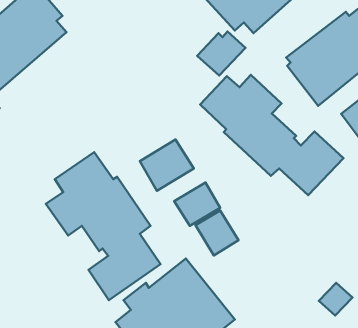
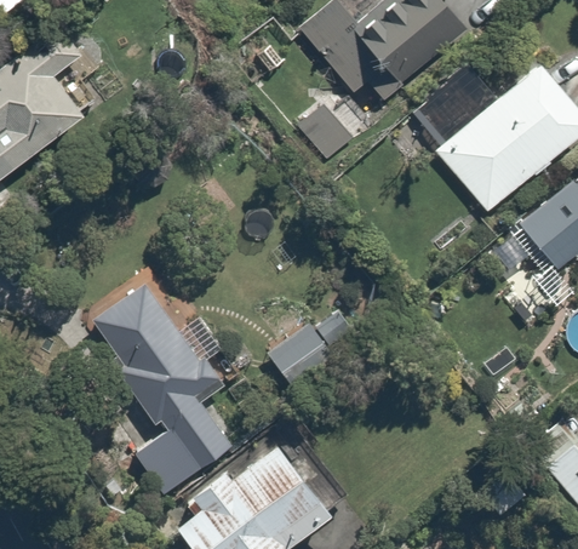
building: [200,75,344,195] -> none
building: [140,139,194,191] -> none
building: [195,211,239,256] -> none

